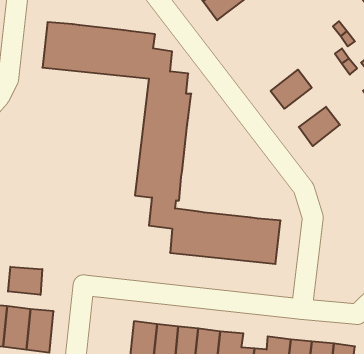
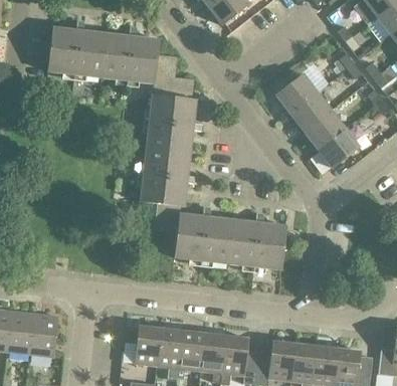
building: none -> [288,91,330,131]
building: none -> [317,129,358,168]
building: [8,267,42,295] -> none

